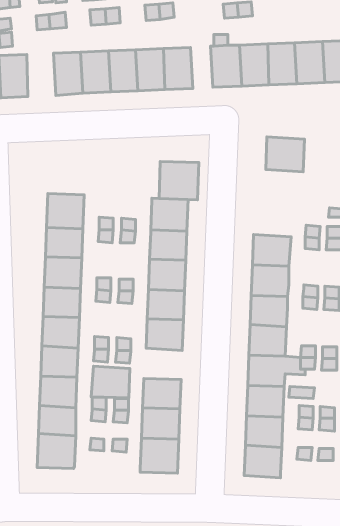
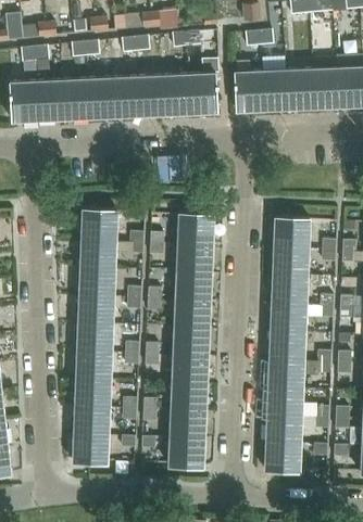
building: none -> [62,78,89,118]
building: [266,137,304,172] -> [273,216,309,249]
building: [159,161,199,200] -> none
building: [91,366,130,398] -> [171,352,206,381]

